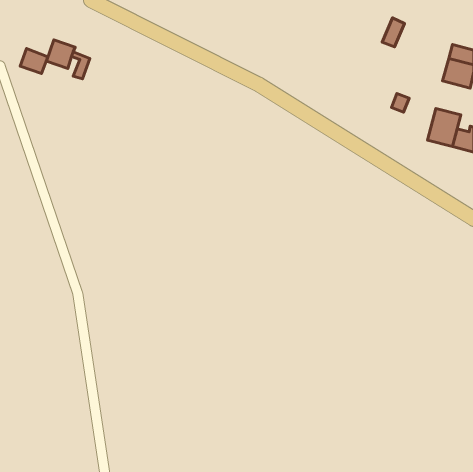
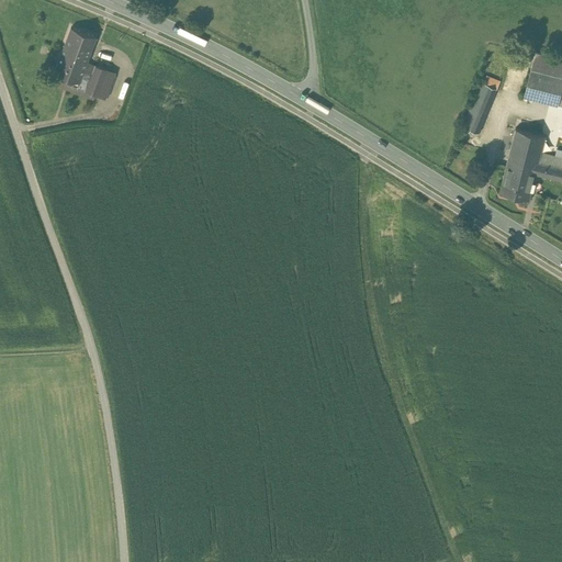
building: [382,18,405,47] -> [471,85,497,119]
building: [20,48,48,73] -> [65,29,98,58]
building: none -> [501,168,537,201]

